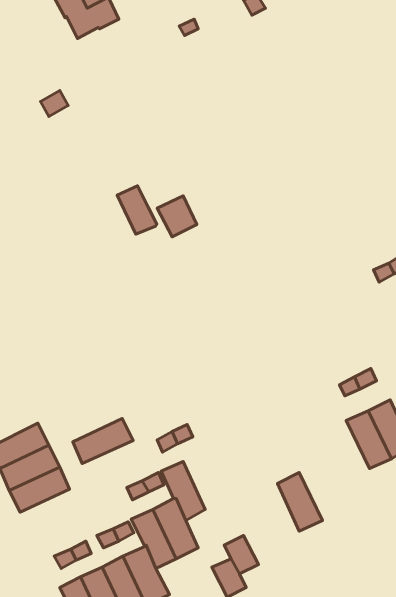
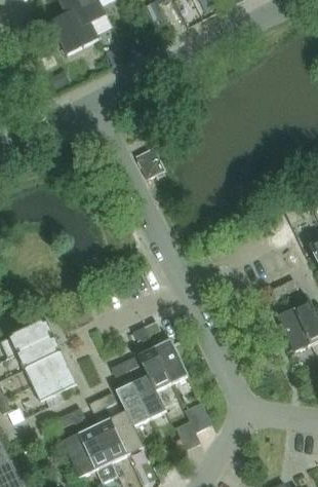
building: none -> [49,13,100,54]
building: [117,186,157,234] -> none
building: [73,418,133,464] -> [32,368,77,402]
building: [277,472,323,531] -> [154,339,188,383]

